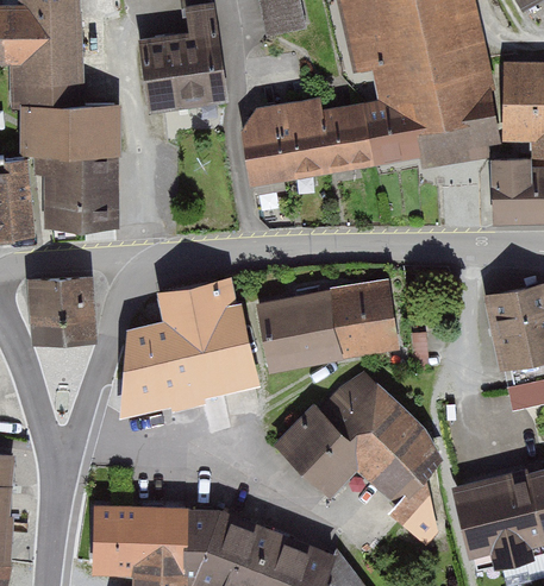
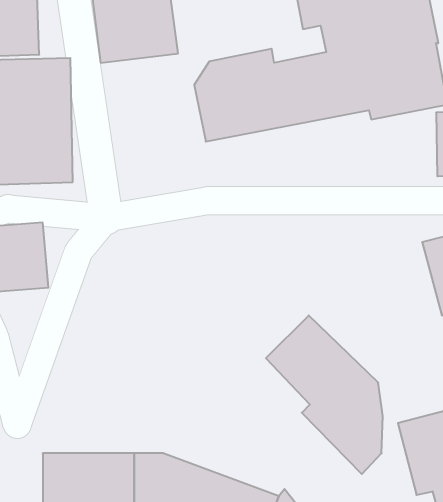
building: [114,277,261,424] -> none
building: [256,281,399,370] -> none
building: [273,407,363,497] -> none

